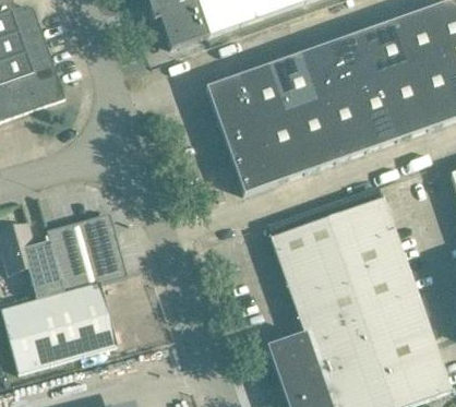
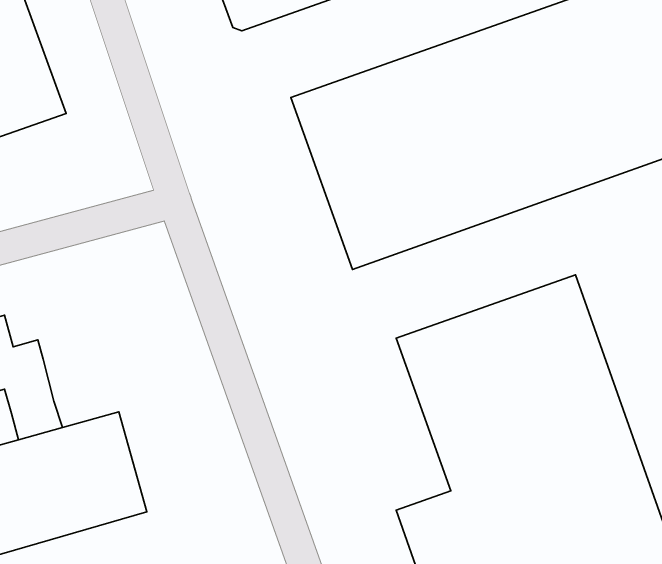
building: [46,212,127,291] -> none

